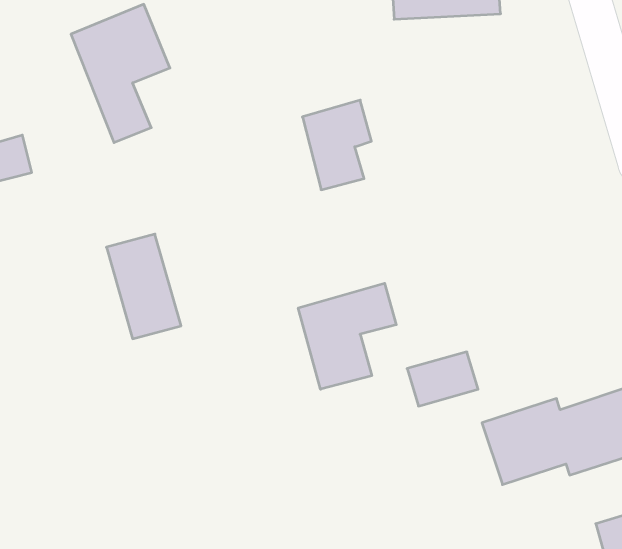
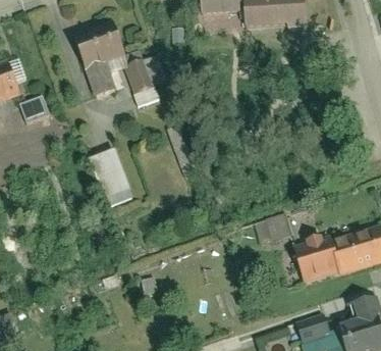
building: [302,100,371,190] -> [124,52,162,101]
building: [298,283,396,389] -> none

